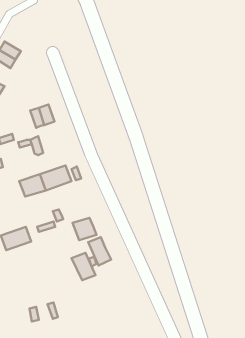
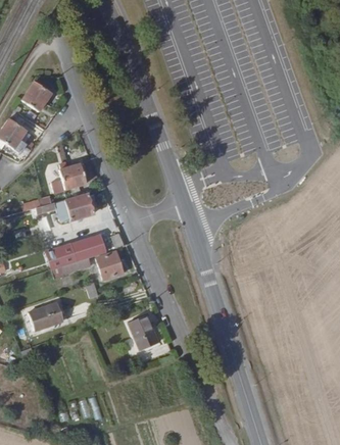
building: none -> [69,191,98,217]
building: [72,218,96,240] -> [96,253,125,280]
building: [72,253,95,280] -> none

